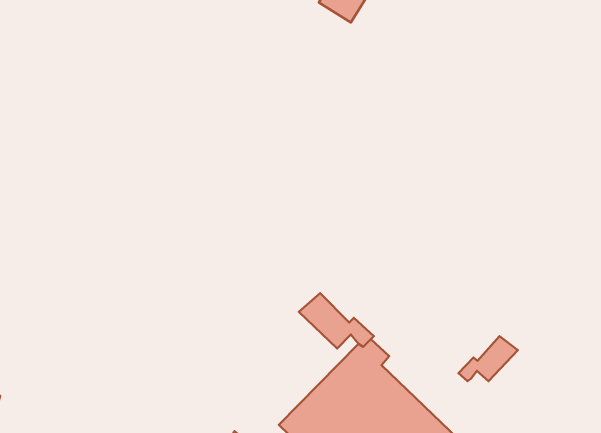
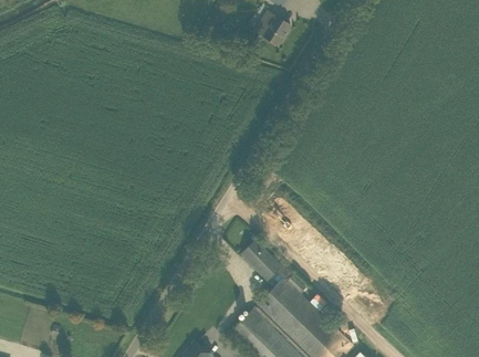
building: [458,336,518,381] -> none

